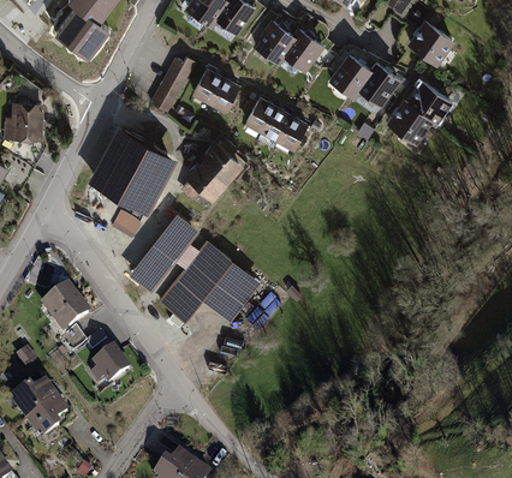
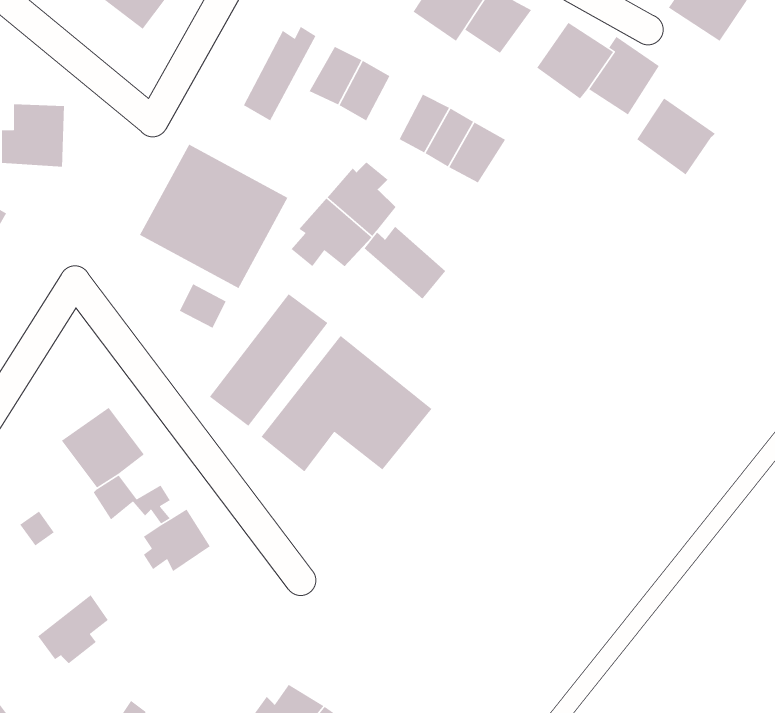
building: [406,80,452,125] -> none
building: none -> [364,226,446,300]
building: [12,381,58,423] -> none

